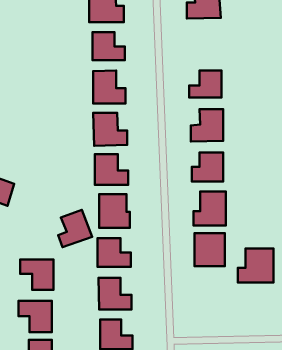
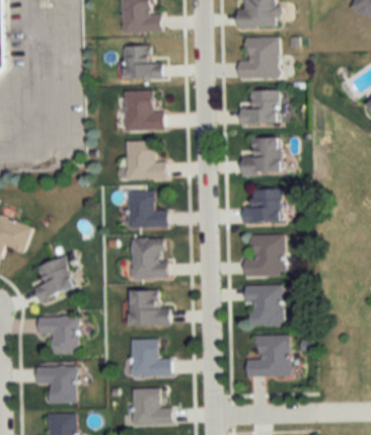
building: none -> [238,38,278,78]
building: [58,210,92,247] -> [33,257,74,301]
building: [238,248,273,282] -> [246,335,289,375]

